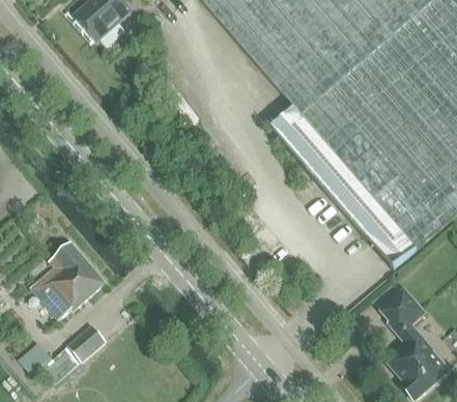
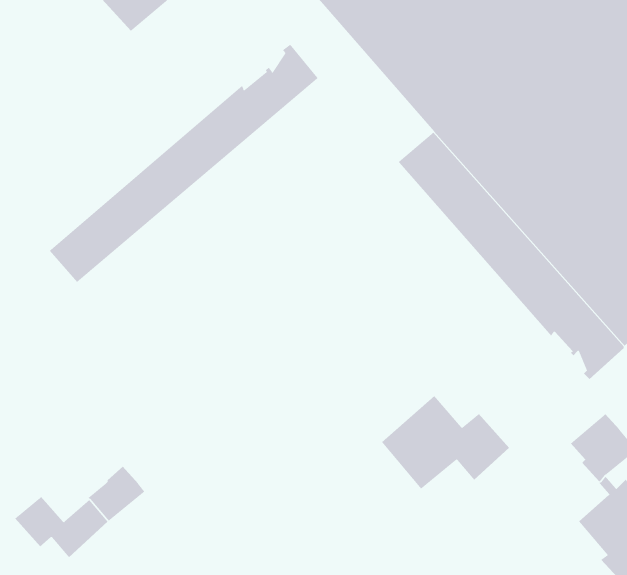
building: none -> [43,44,318,283]
building: [33,243,106,318] -> none
building: none -> [381,395,510,490]

